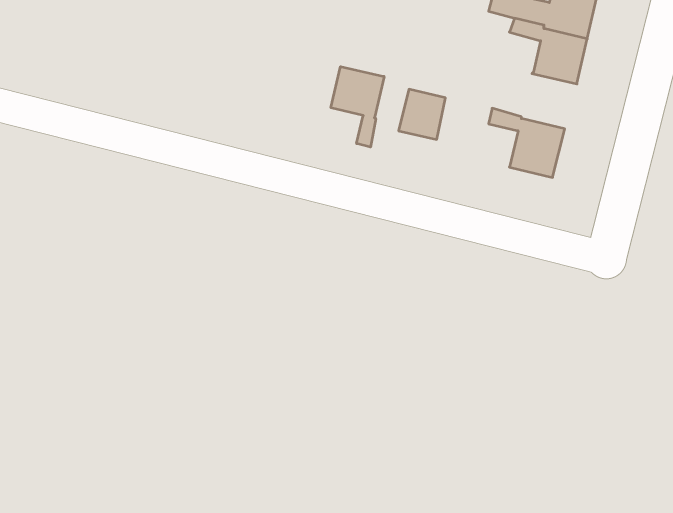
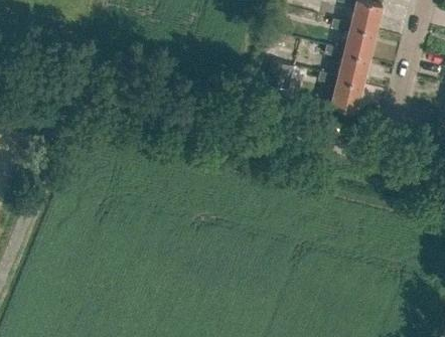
building: none -> [325,46,370,85]
building: [331,67,384,147] -> none

